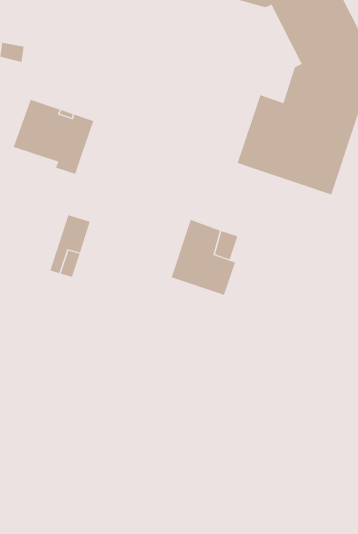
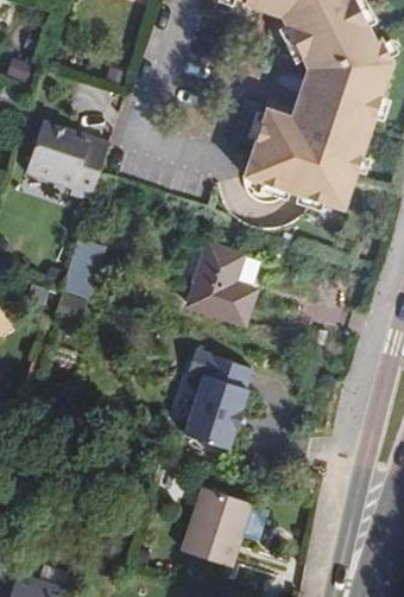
building: none -> [182,349,248,449]
building: none -> [183,485,271,566]

